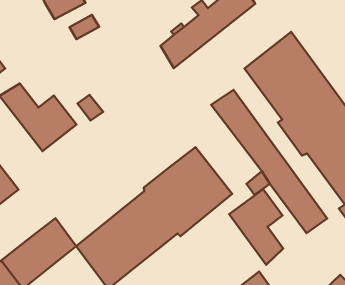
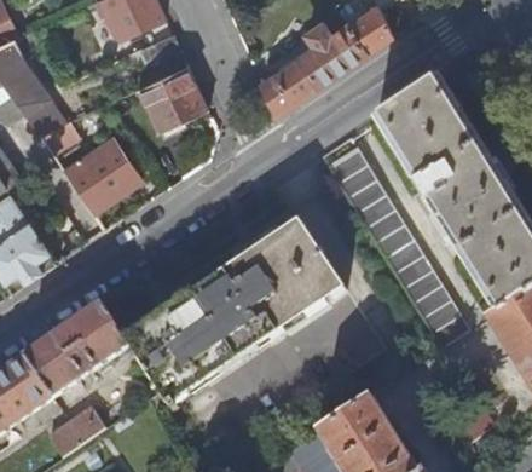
building: none -> [137,63,208,131]
building: [229,189,283,265] -> none

